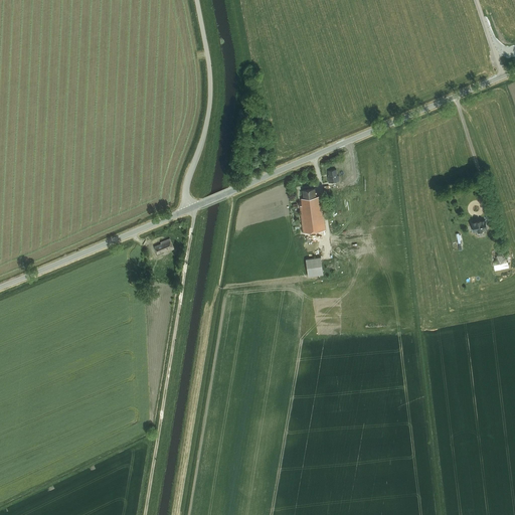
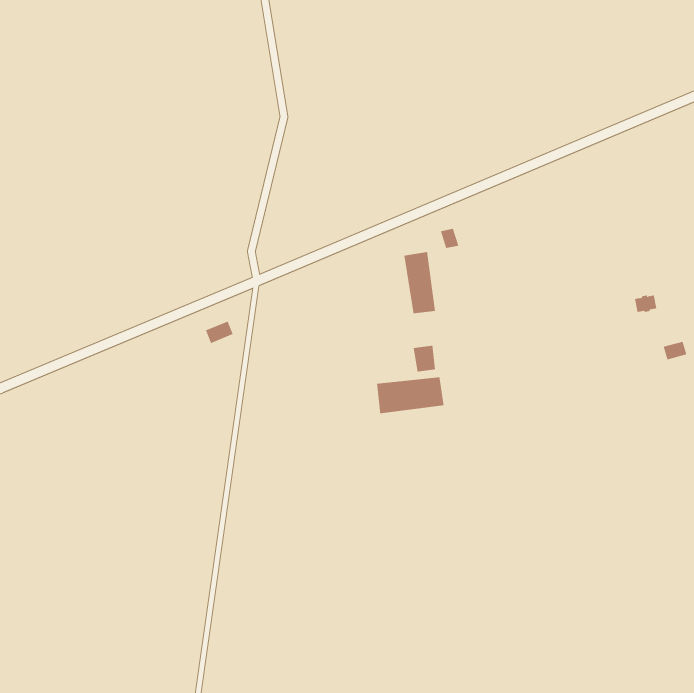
building: none -> [376,377,444,414]

